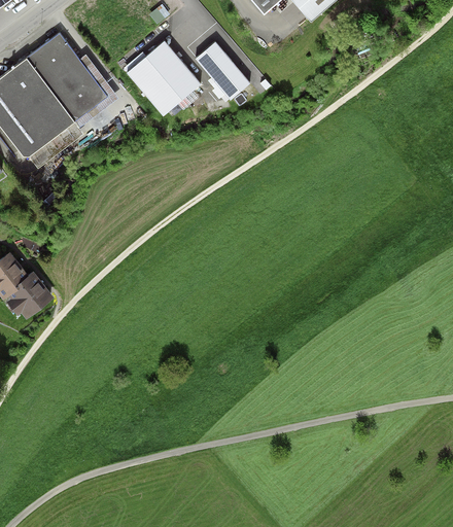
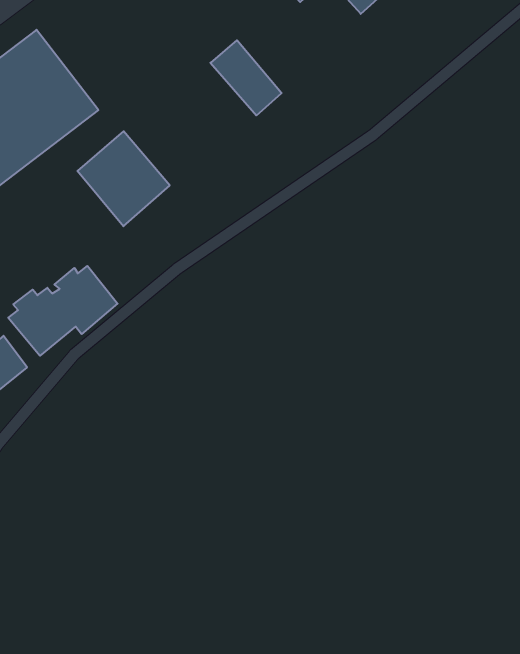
building: [128,40,200,114] -> [77,131,170,226]
building: none -> [8,266,118,356]

